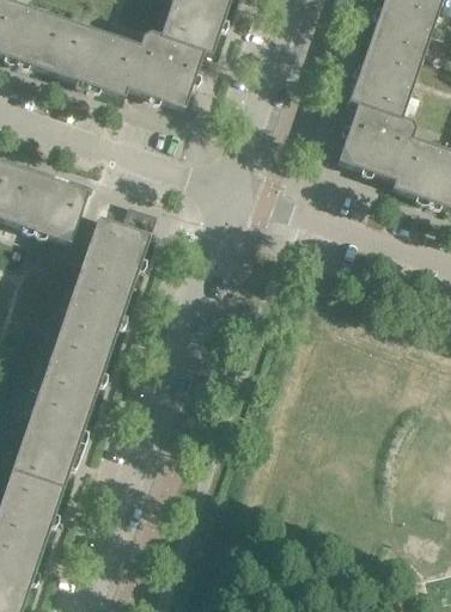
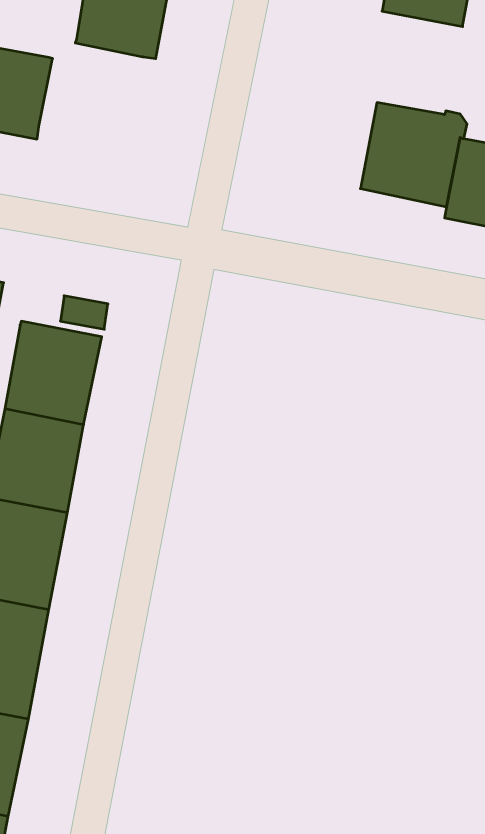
building: [126,30,202,108] -> none
building: [347,43,420,118] -> none

